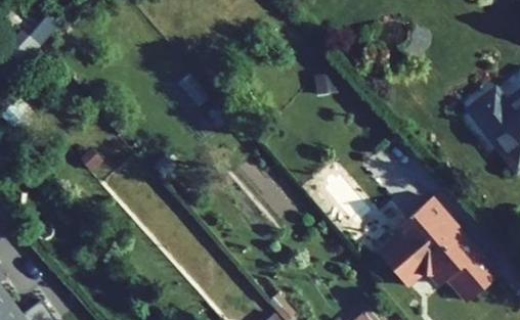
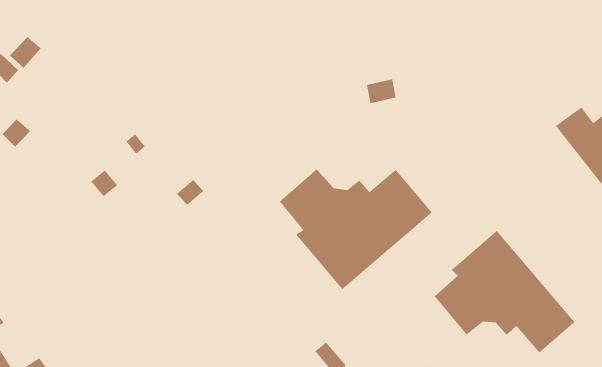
building: none -> [279,169,433,290]

